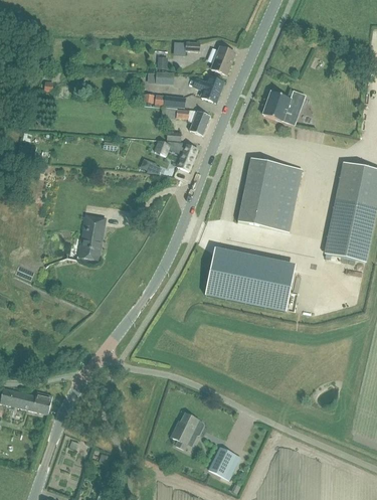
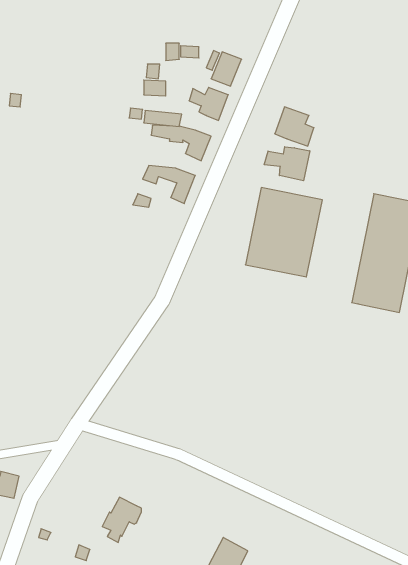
building: none -> [264,147,310,181]
building: [78,214,105,260] -> none
building: [205,254,295,310] -> none
building: [171,412,203,450] -> [102,497,141,542]

